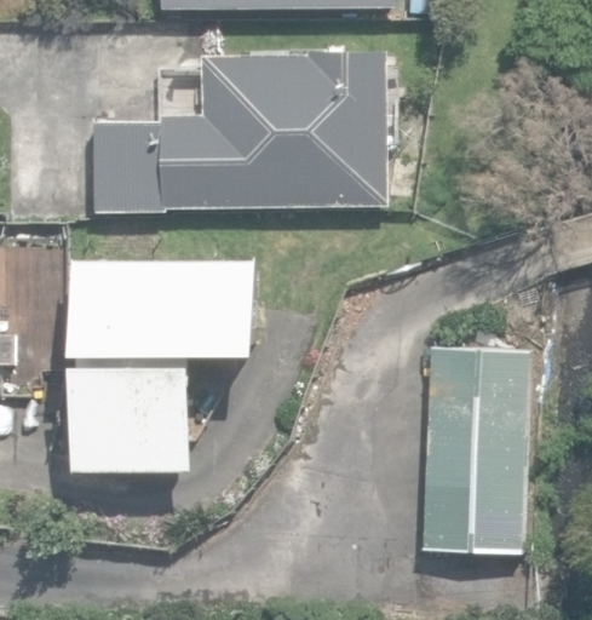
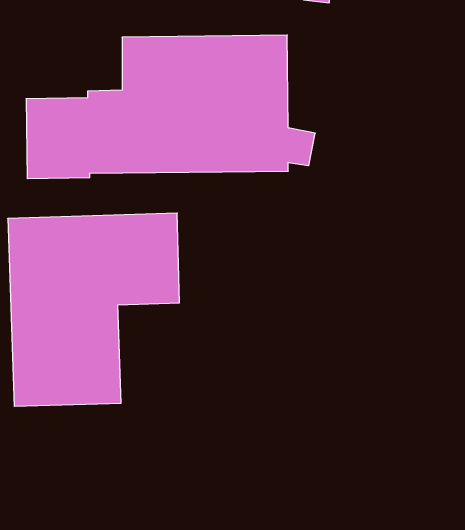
building: [419,351,527,555] -> none

